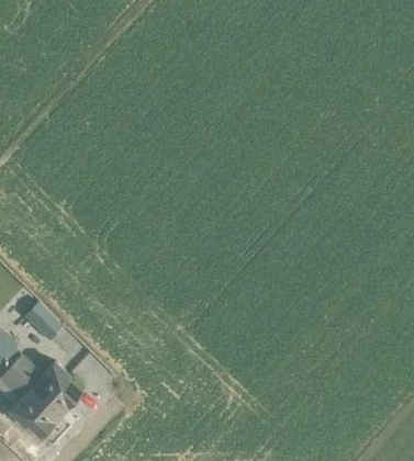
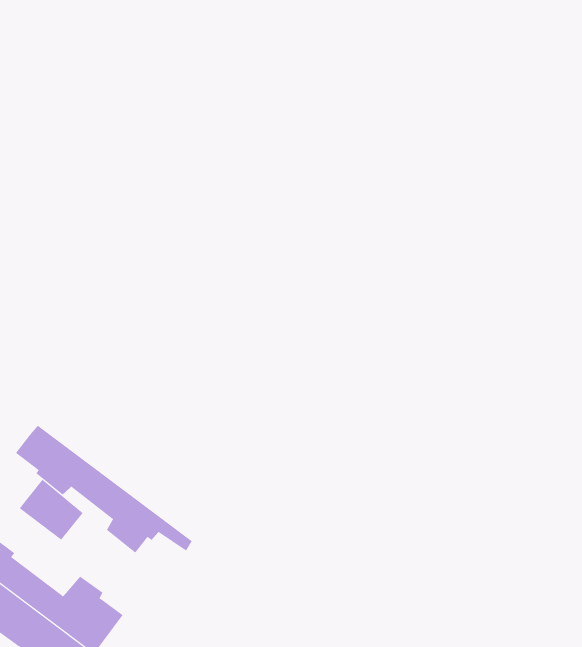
building: none -> [15,425,192,554]

